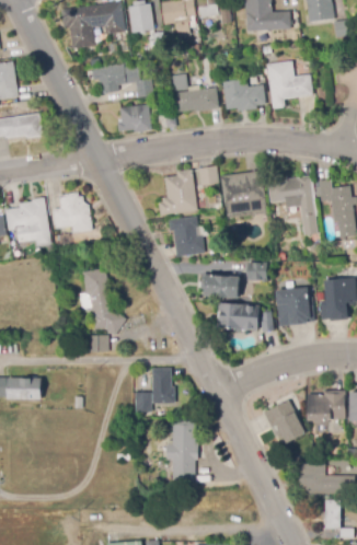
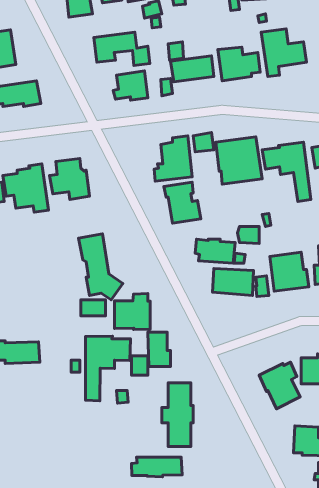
building: none -> [115,294,150,330]
building: none -> [86,336,131,401]
building: none -> [132,457,182,477]

